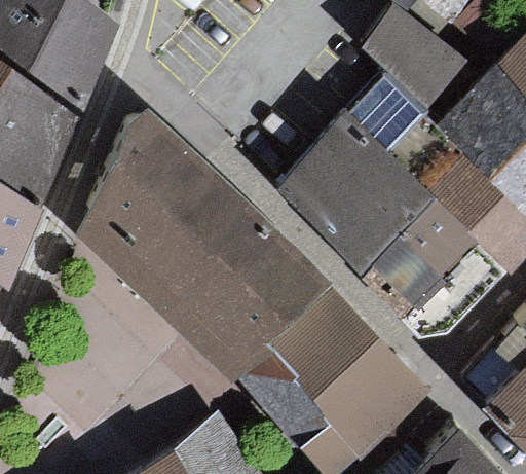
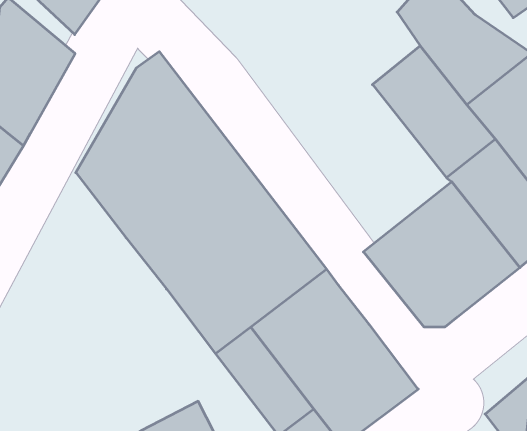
building: [274,112,431,268] -> none

